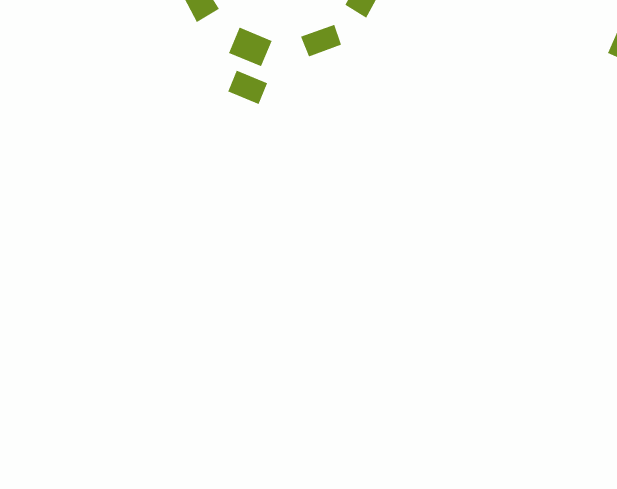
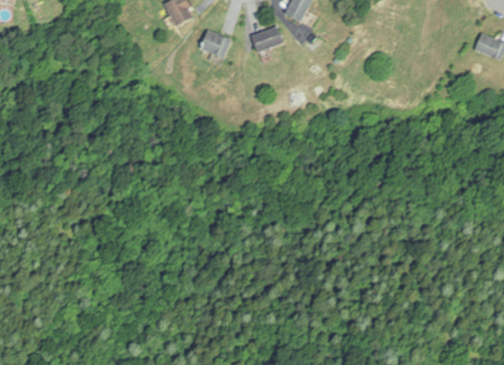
building: [227,70,268,105] -> none

